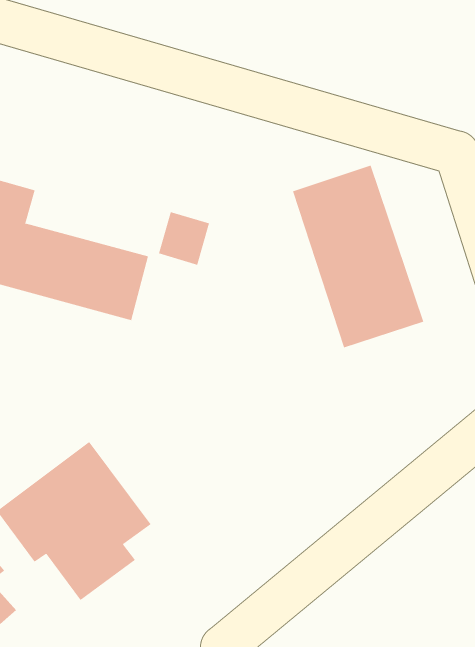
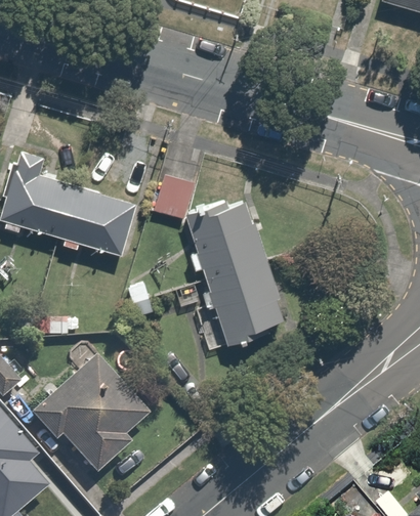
building: [292,165,424,348] -> [188,198,291,340]

